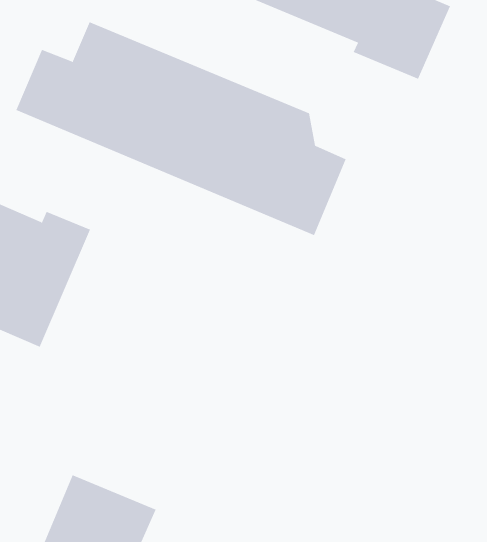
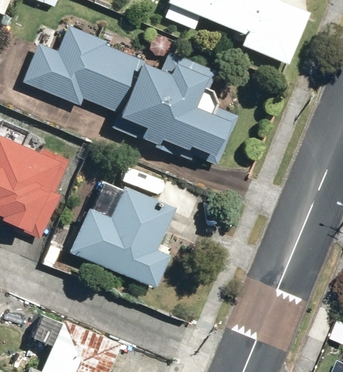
building: none -> [67,187,171,286]

